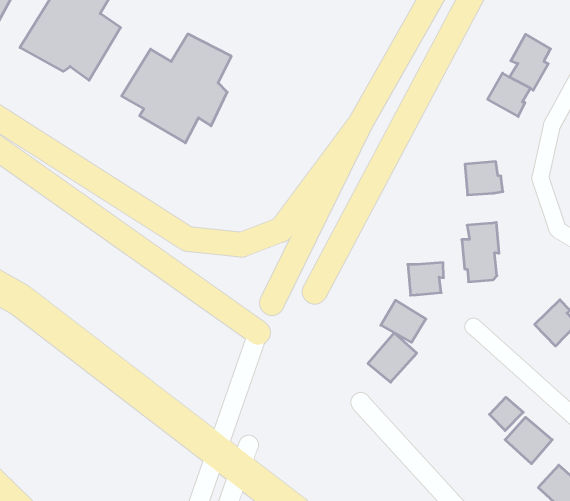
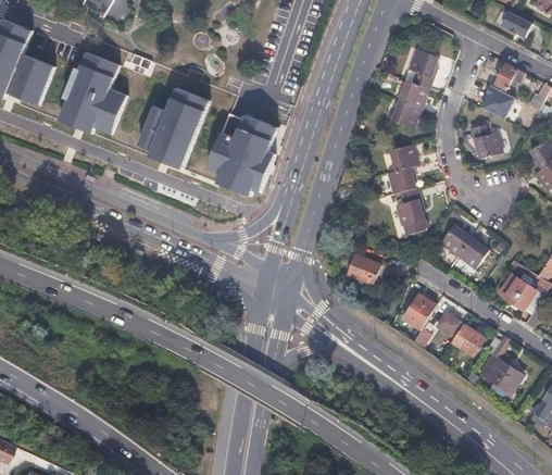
building: none -> [208,114,279,195]
building: none -> [391,101,422,129]
building: [408,263,444,295] -> [388,167,415,195]
building: none -> [440,226,473,257]
building: [368,333,417,382] -> [402,293,436,329]

